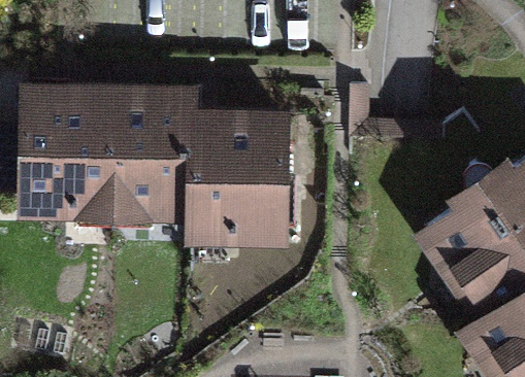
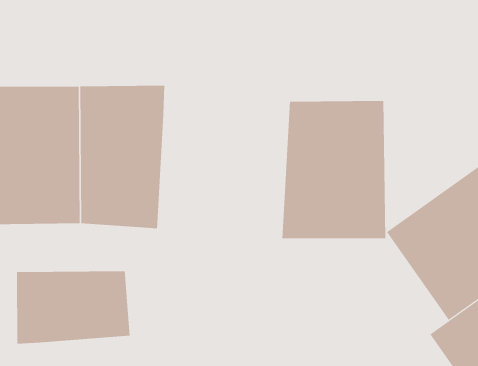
building: [189,113,291,248] -> [282,100,386,239]
building: none -> [17,271,130,344]

